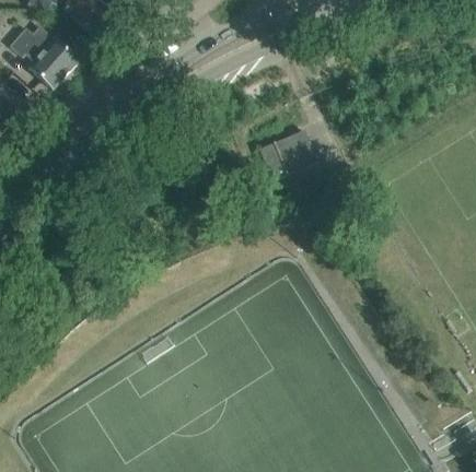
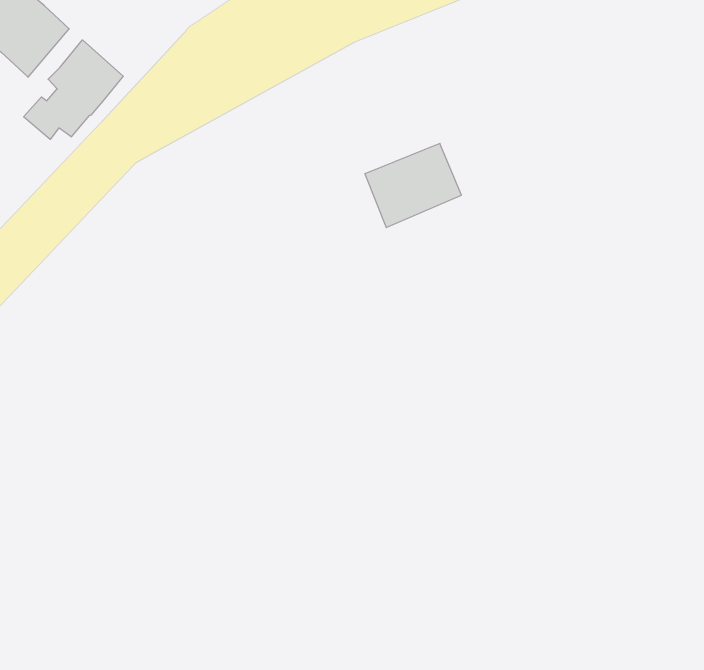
building: none -> [24,40,123,139]

